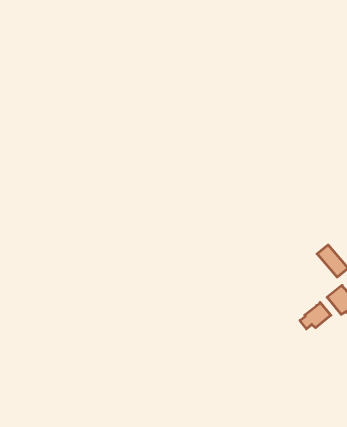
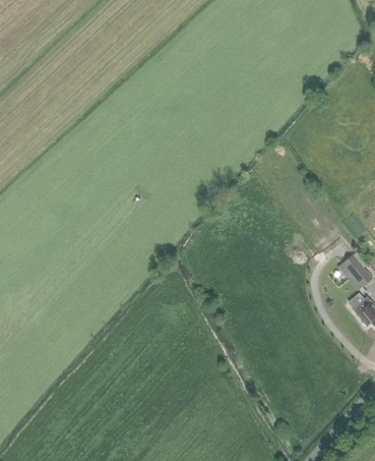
building: [300,302,331,329] -> none

